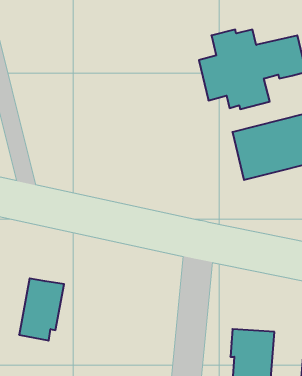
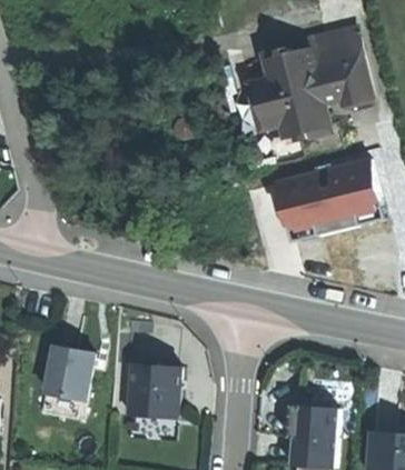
building: none -> [309,39,363,74]
building: none -> [127,364,176,417]

